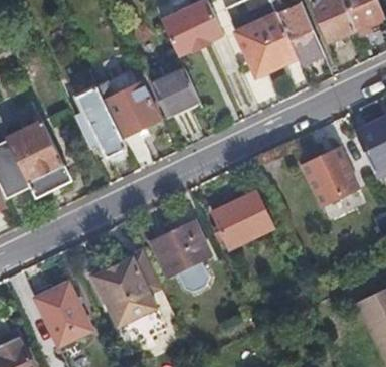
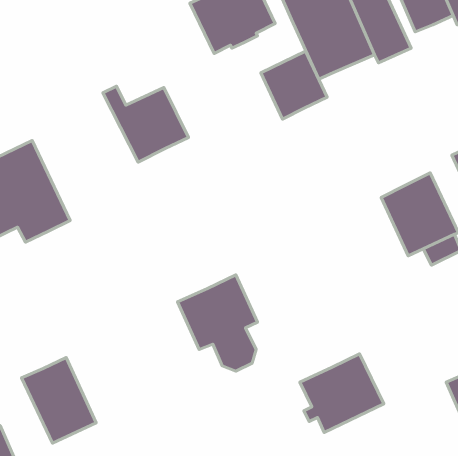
building: [150,66,199,117] -> [261,51,327,119]
building: [74,85,128,162] -> none
building: [211,190,273,248] -> [300,354,384,432]
building: [92,250,161,326] -> none

